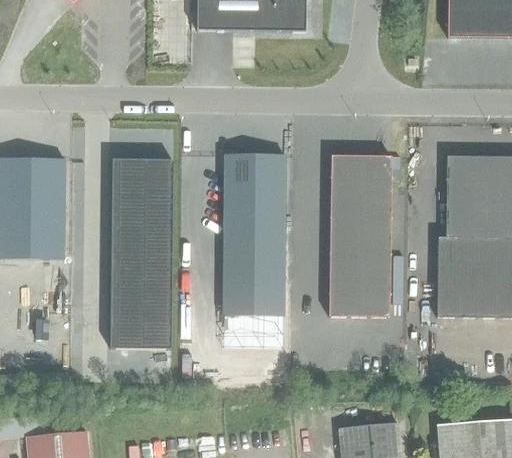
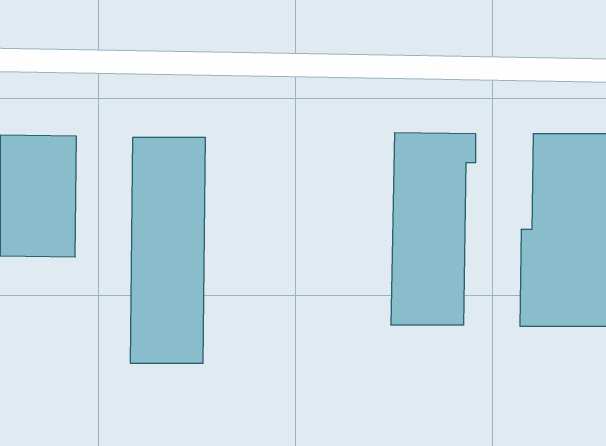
building: [223,154,286,347] -> none

